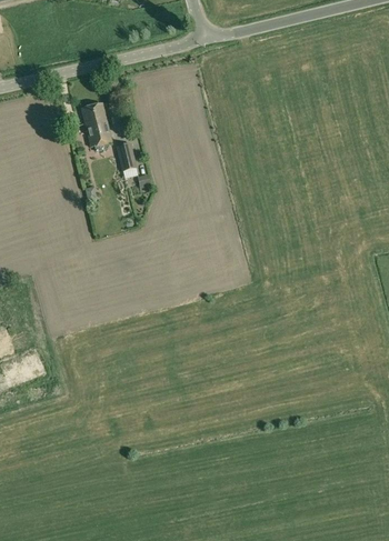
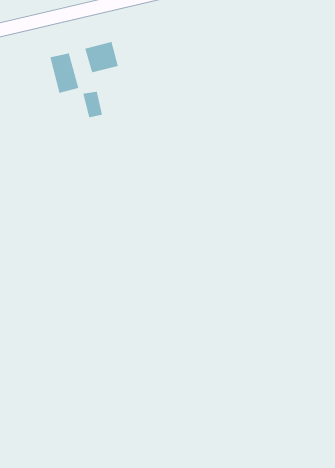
building: none -> [84,41,119,73]

